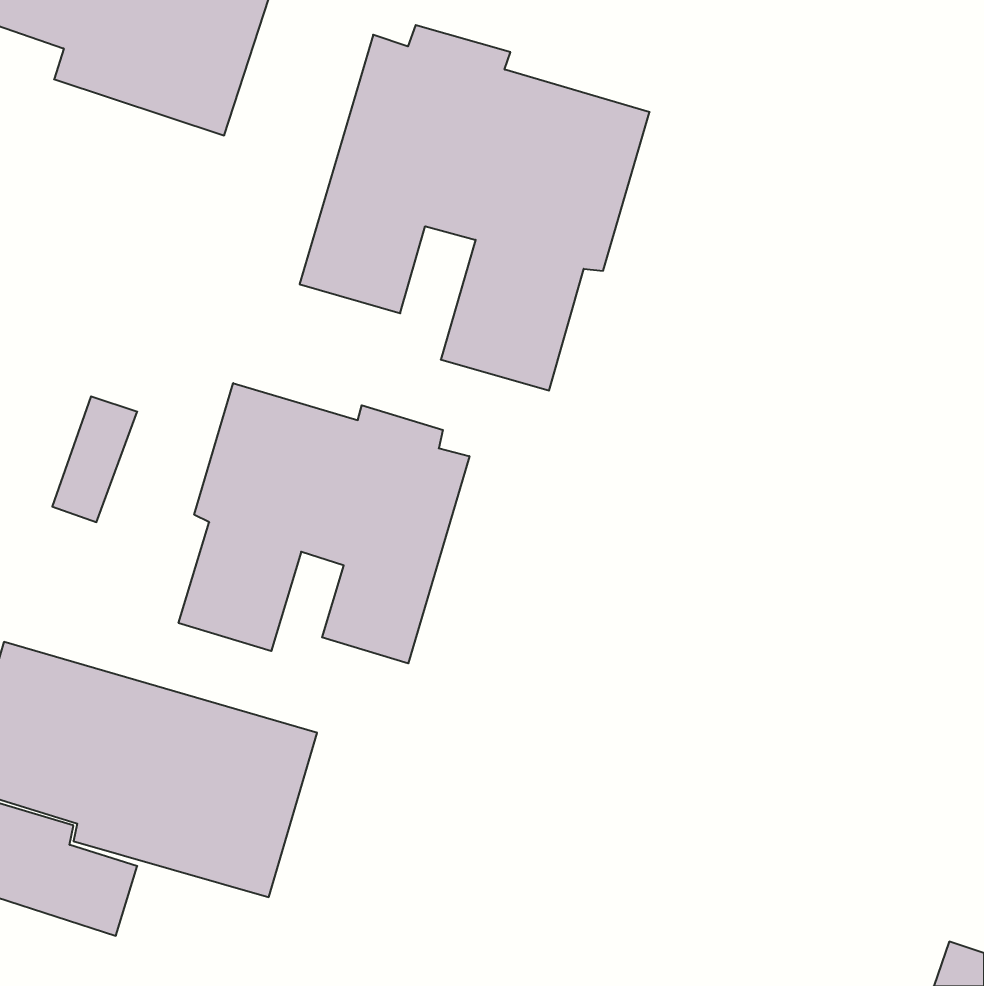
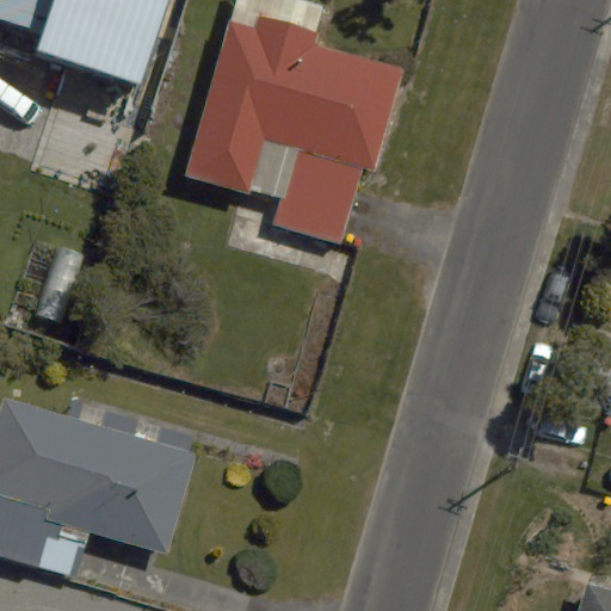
building: [179,383,469,663] -> none

